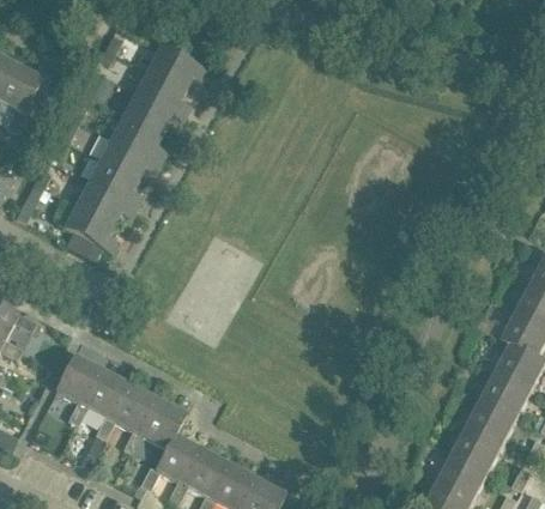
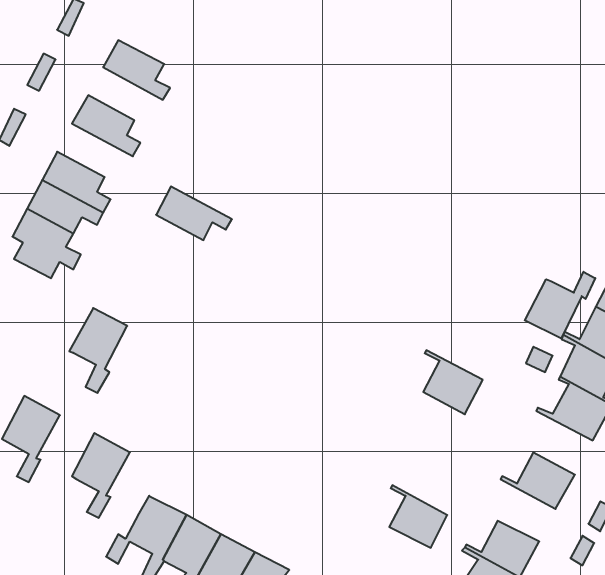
building: [149,43,208,85] -> none
building: [125,87,184,131] -> none
building: [99,133,161,176] -> [156,186,232,240]
building: none -> [525,272,595,339]
building: [483,364,531,416] -> [423,350,483,414]
building: [83,368,129,436] -> [69,308,127,393]
building: [139,398,187,447] -> none
building: [454,419,501,469] -> [389,485,447,548]

